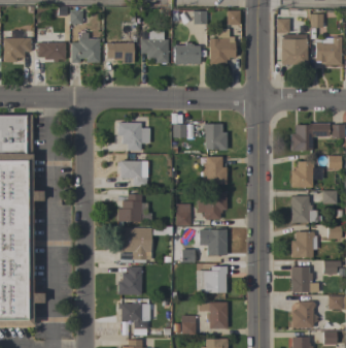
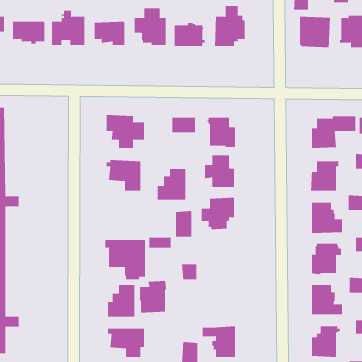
building: [117,194,142,221] -> [157,169,186,200]
building: [206,229,228,255] -> none
building: [204,265,228,293] -> [139,280,167,313]

